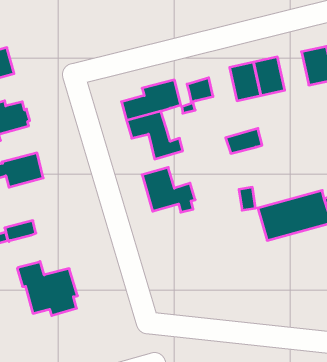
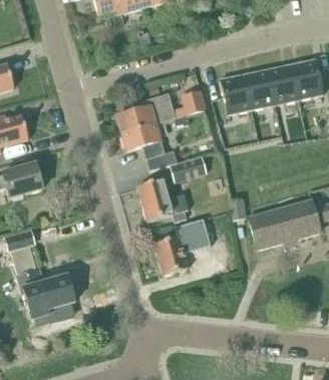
building: none -> [268,66,298,103]
building: [226,128,262,153] -> [171,156,206,180]
building: none -> [154,220,209,275]
building: none -> [10,243,37,274]

